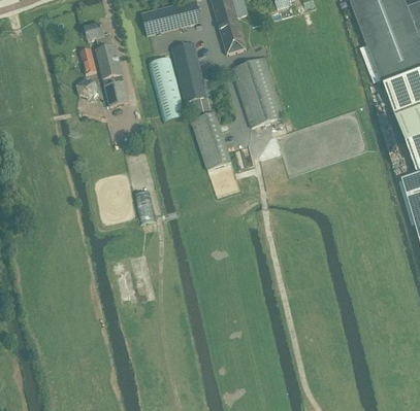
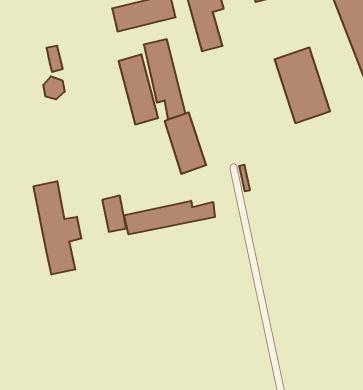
building: [85,24,129,106] -> none
building: [232,57,285,128] -> [274,48,330,123]
building: none -> [34,181,81,275]
building: none -> [124,201,215,234]

